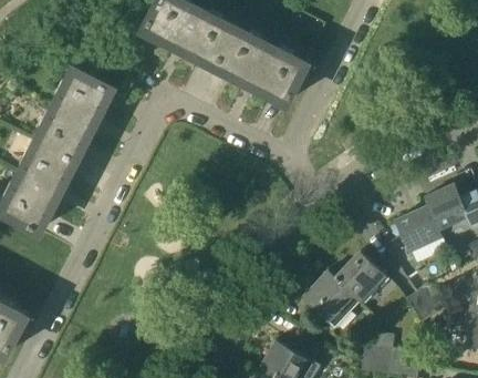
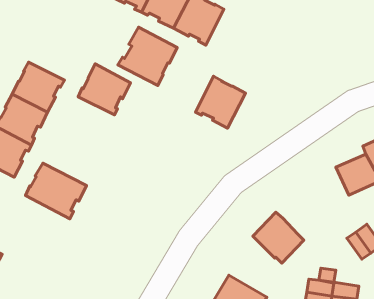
building: [251,44,306,102] -> [196,76,246,128]
building: none -> [118,27,177,85]
building: [55,67,113,123] -> [78,64,130,115]
building: none -> [25,163,87,219]
building: [336,251,386,300] -> none

